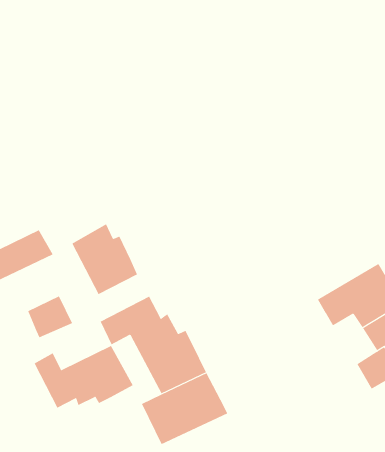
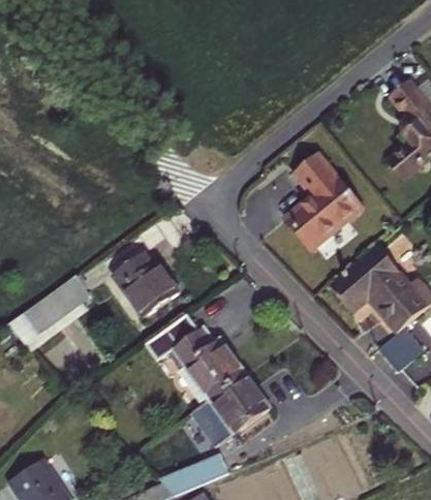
building: none -> [287,161,364,256]
building: [27,295,73,338] -> none
building: [34,345,133,408] -> none

